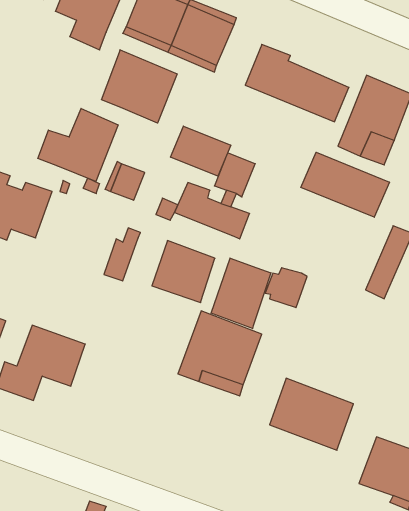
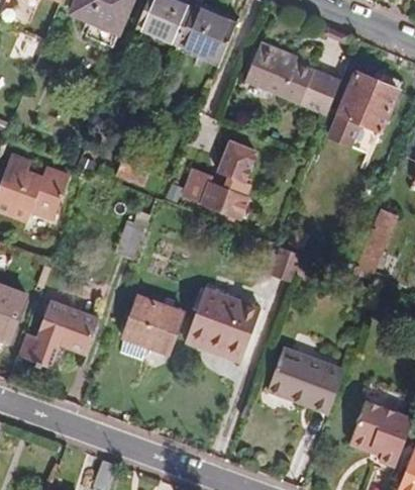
building: [102,50,177,123] -> none
building: [38,108,118,182] -> none
building: [171,126,231,176] -> none
building: [301,152,389,217] -> none
building: [152,241,215,303] -> [124,296,182,353]
building: [211,258,271,329] -> none

